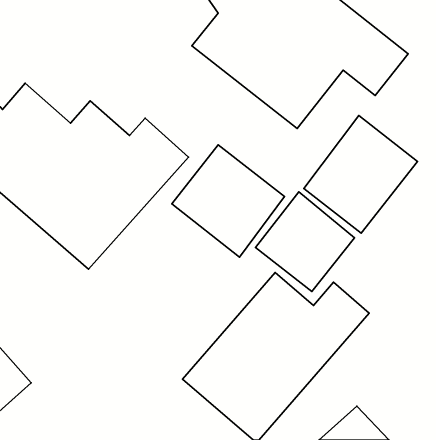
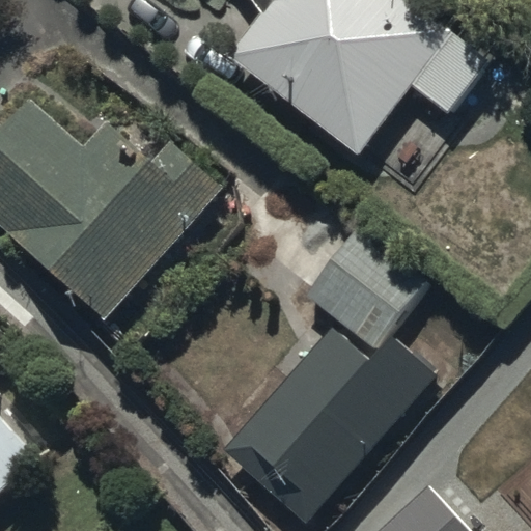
building: [304,115,417,233] -> none
building: [172,145,284,257] -> none

